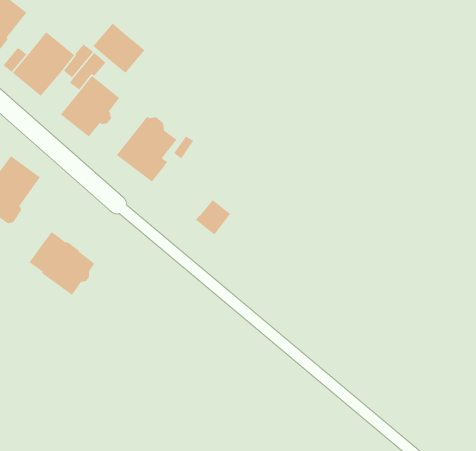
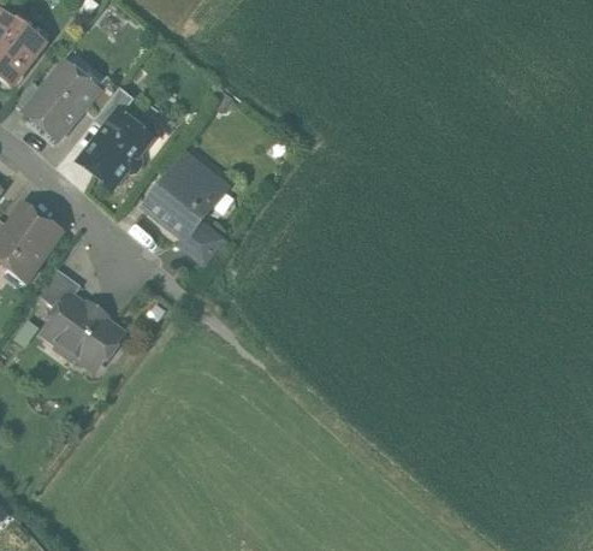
building: [92,22,146,74] -> none
building: [195,199,231,236] -> [180,221,223,263]
building: none -> [38,268,82,309]

